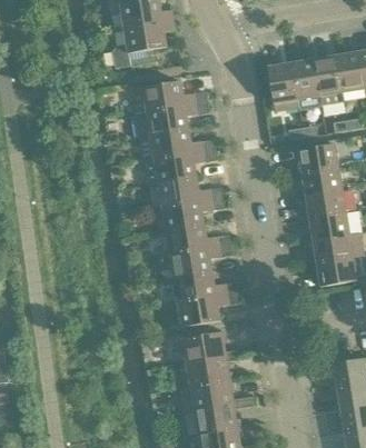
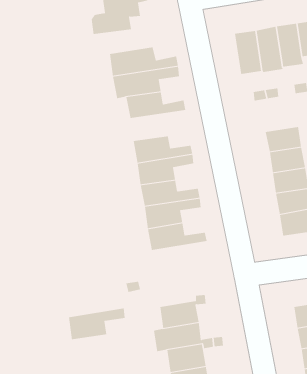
building: [298,142,338,172] -> none
building: [144,149,217,185] -> none
building: [178,291,240,326] -> [68,308,126,340]
building: [182,330,226,362] -> none

